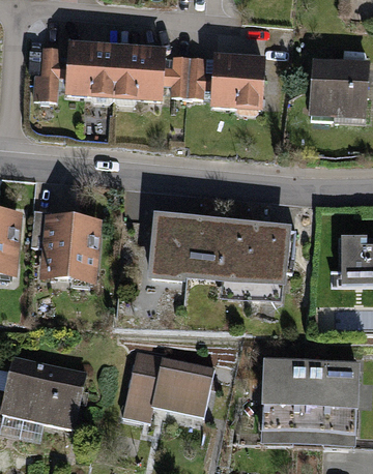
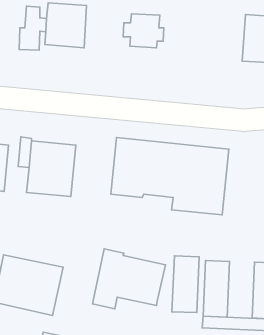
building: [113,45,164,100] -> none
building: [210,54,264,111] -> none
building: [291,363,325,434] -> [172,256,199,313]

